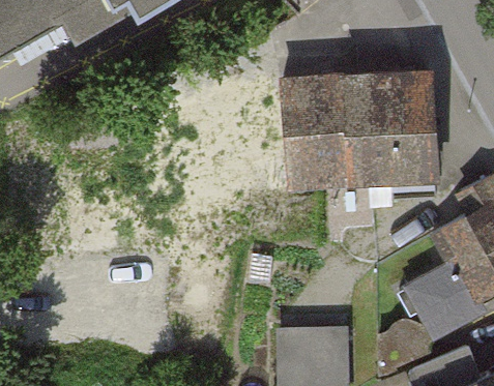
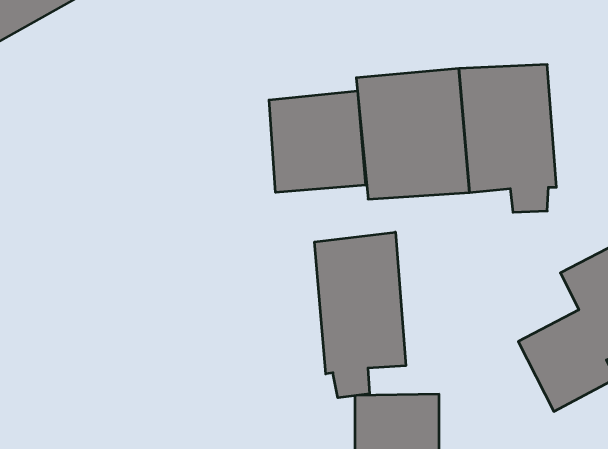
building: none -> [269,91,365,192]
building: none -> [315,232,406,398]

